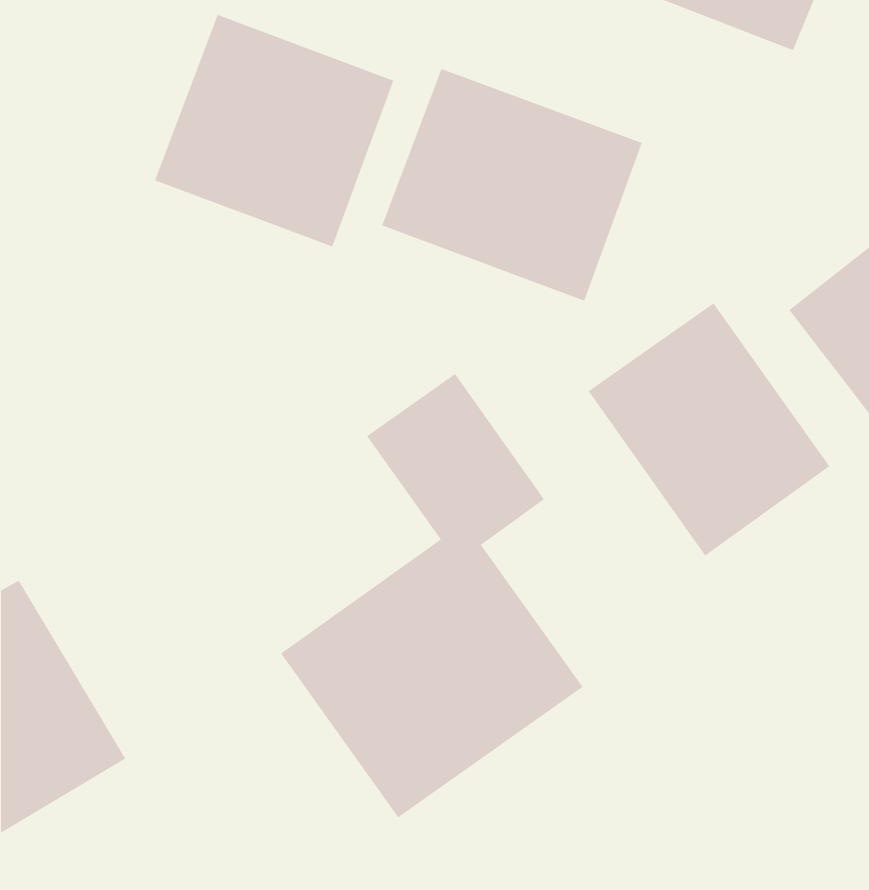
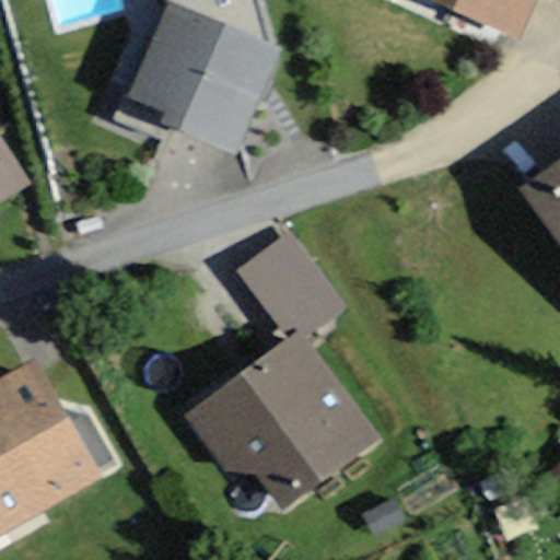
building: [382,68,642,301] -> none
building: [588,303,830,556] -> none

